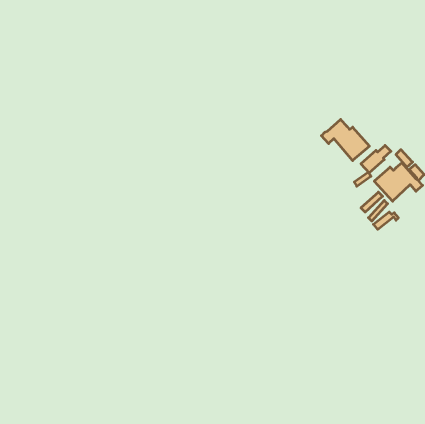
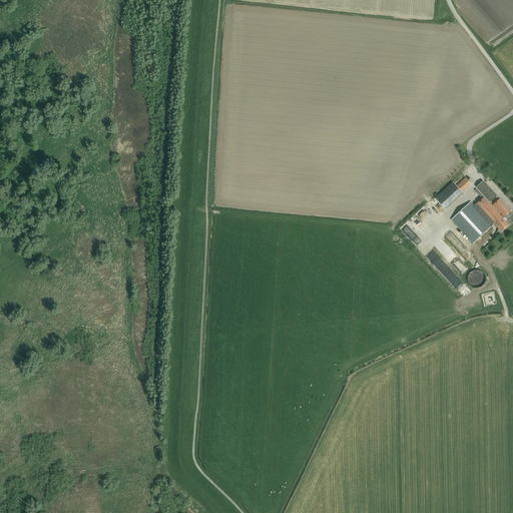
building: [321,119,369,161] -> none

